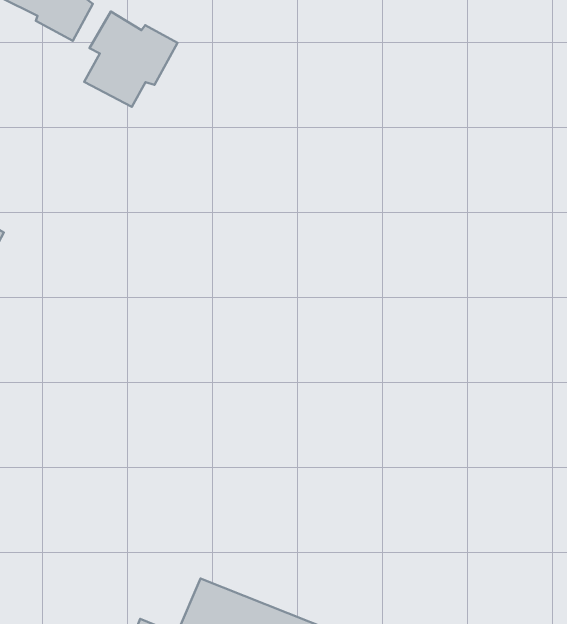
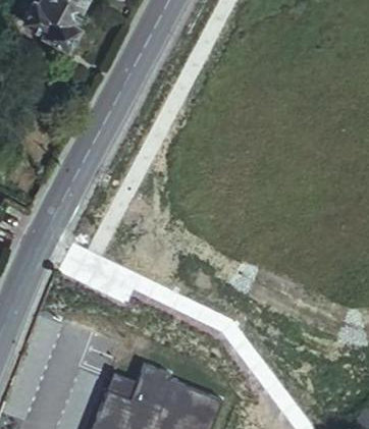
building: [84,11,177,107] -> none

